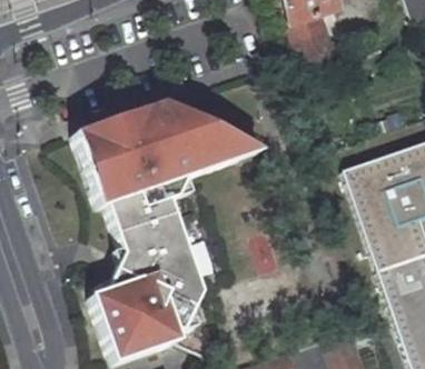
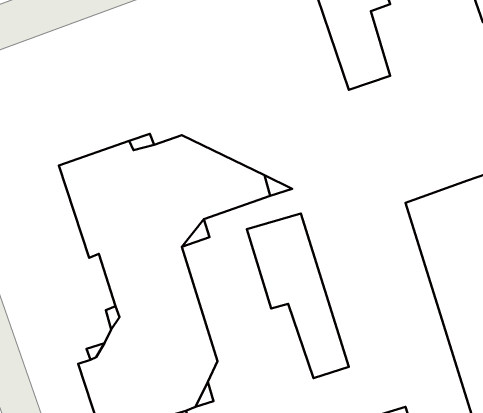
building: none -> [247,214,349,378]

